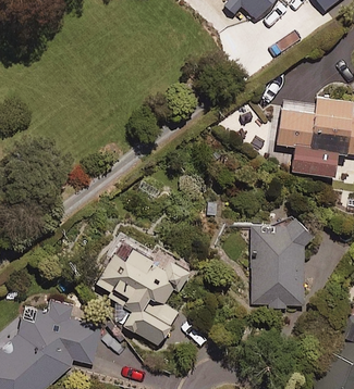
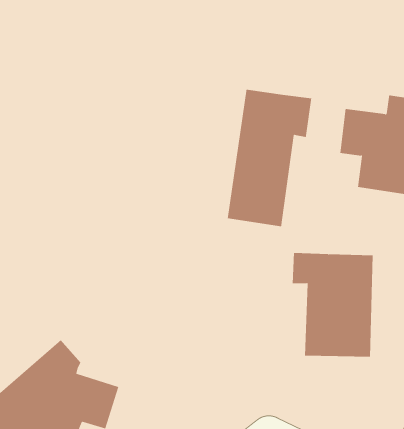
building: none -> [227,89,312,227]
building: [95,240,187,346] -> none

